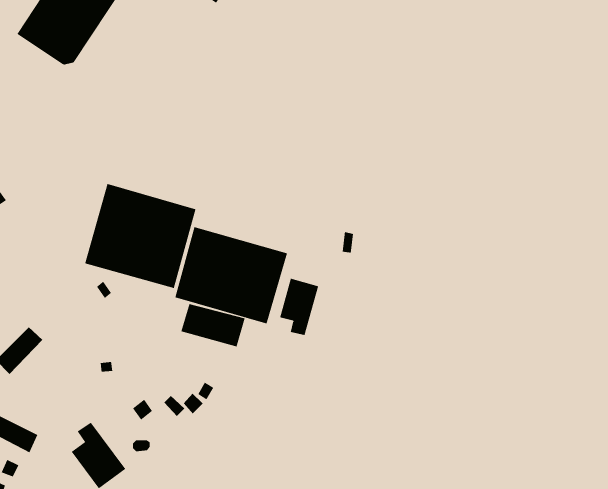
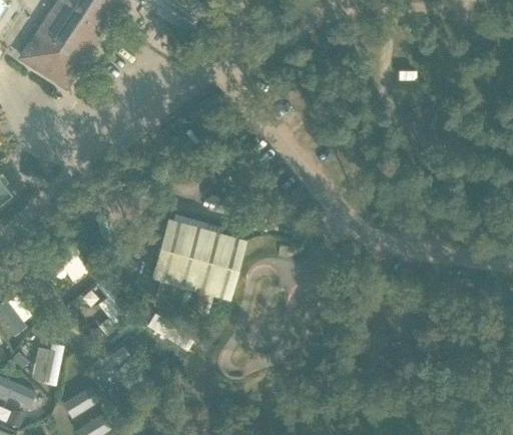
building: [84,183,196,289] -> none
building: [279,278,319,336] -> none
building: none -> [29,340,62,382]

